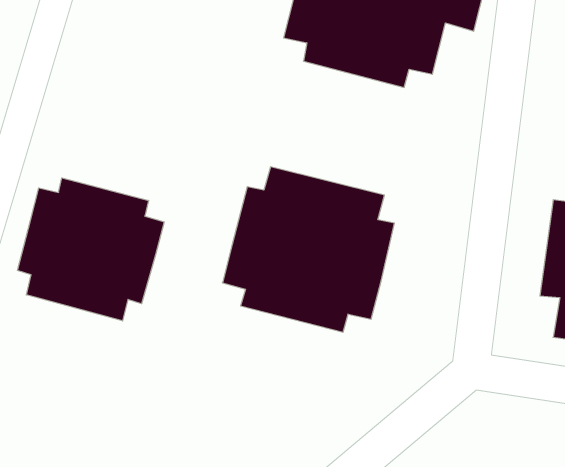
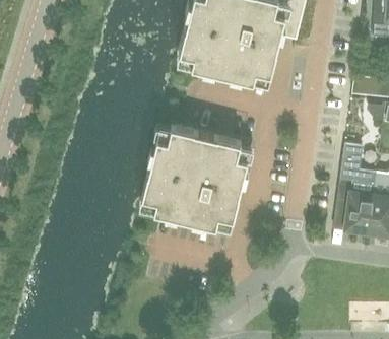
building: [17,178,164,321] -> none

